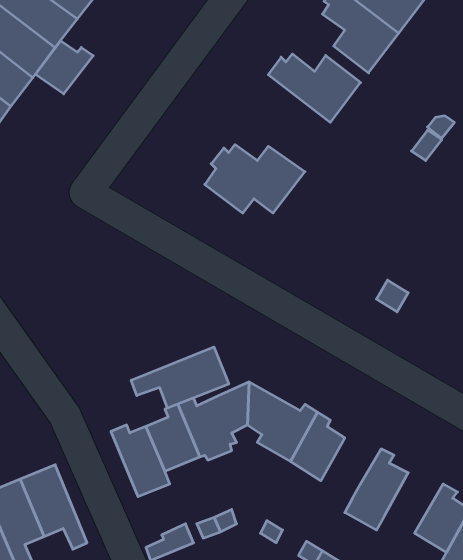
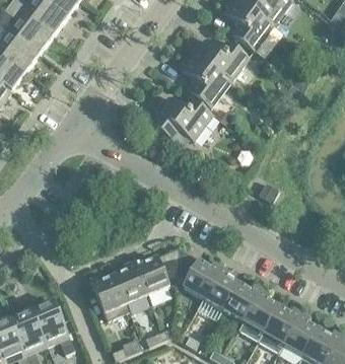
building: [35,41,93,94] -> none
building: none -> [181,52,229,107]
building: [131,347,229,408] -> none
building: none -> [223,283,262,321]
building: none -> [259,305,301,353]

